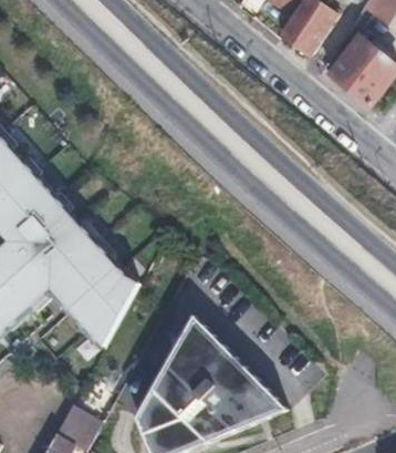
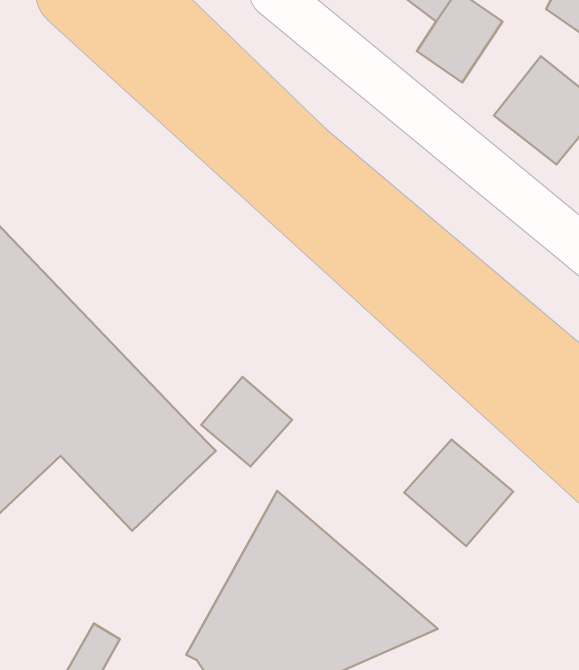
building: none -> [201,377,292,466]
building: none -> [404,440,513,546]

